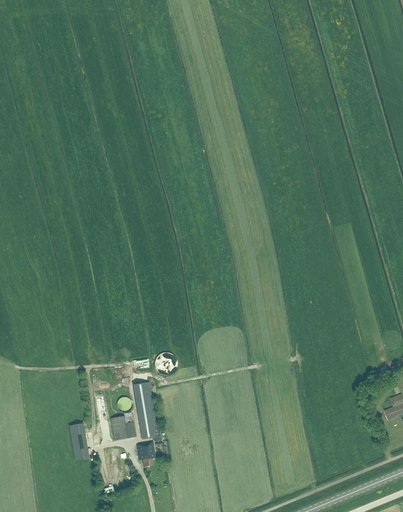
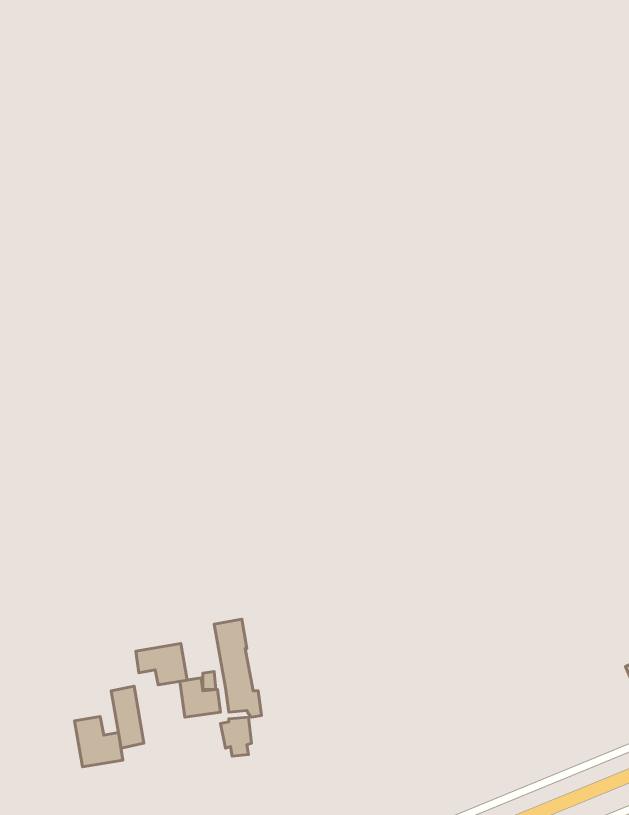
building: none -> [136,644,187,685]
building: none -> [75,716,123,767]

